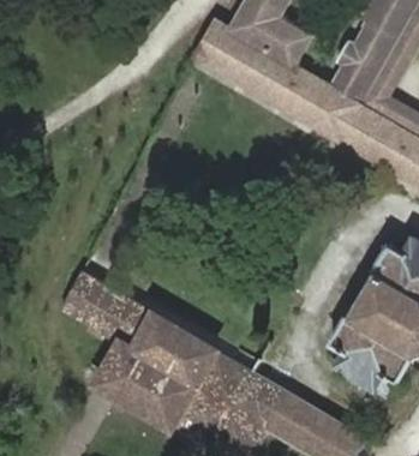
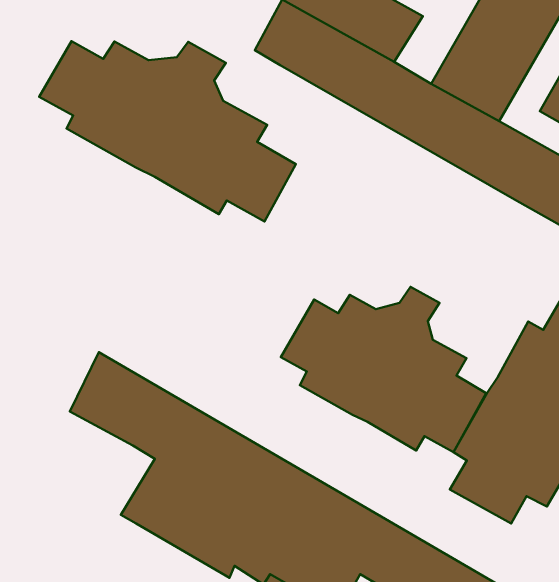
building: none -> [39,41,296,221]
building: none -> [281,287,486,452]

